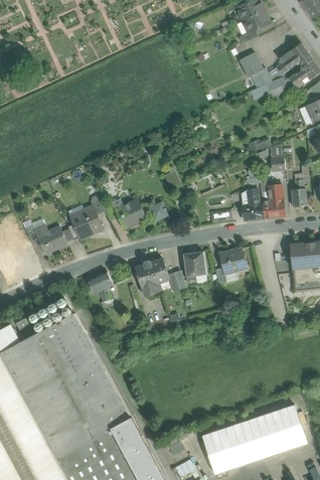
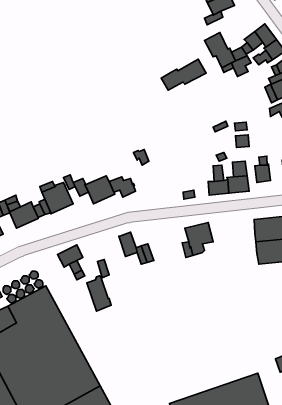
building: none -> [161,59,206,90]
building: [183,252,205,280] -> none
building: [135,261,160,297] -> [87,276,111,311]

